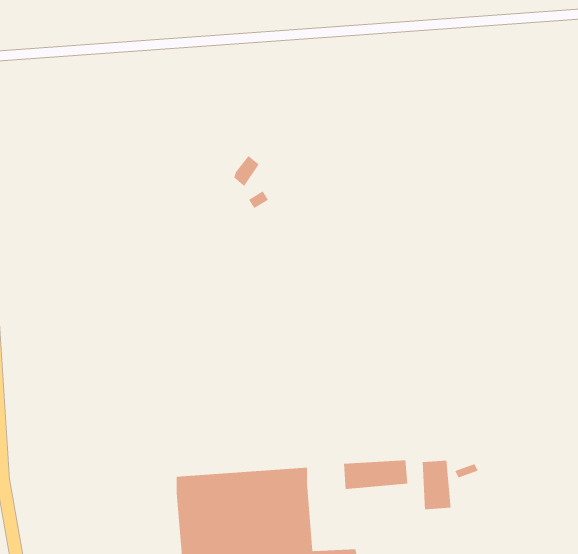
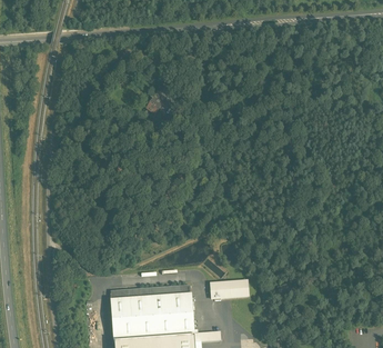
building: [422,460,451,510] -> none

